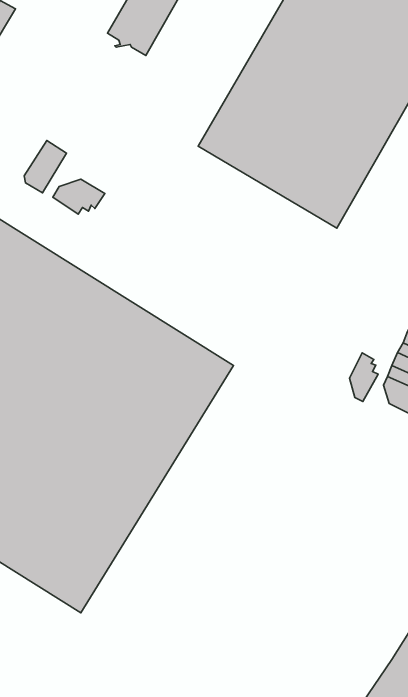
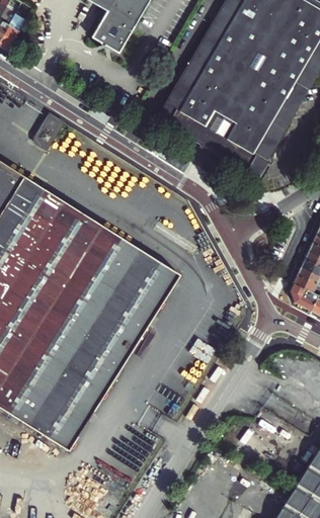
building: [53,179,105,214] -> none
building: [349,353,378,402] -> none

